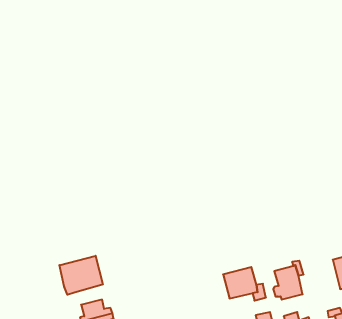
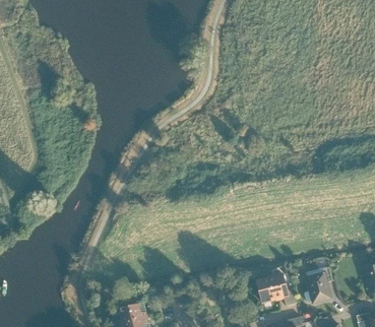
building: [59,256,103,295] -> none

